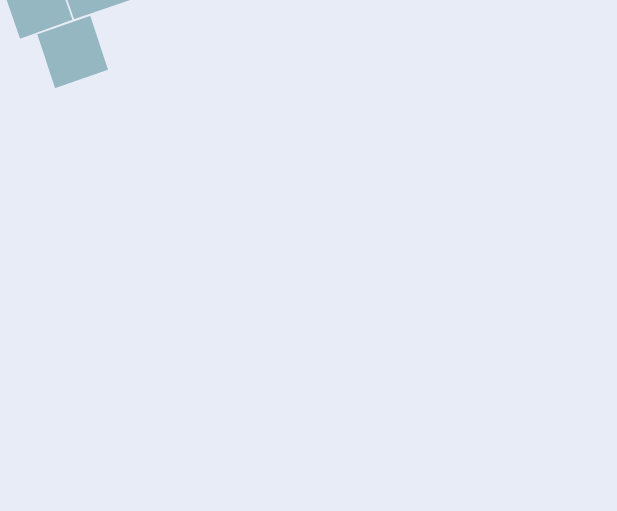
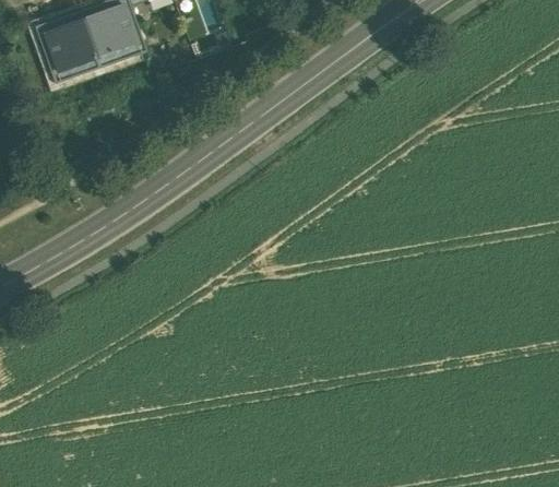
building: [36,15,109,89] -> none

